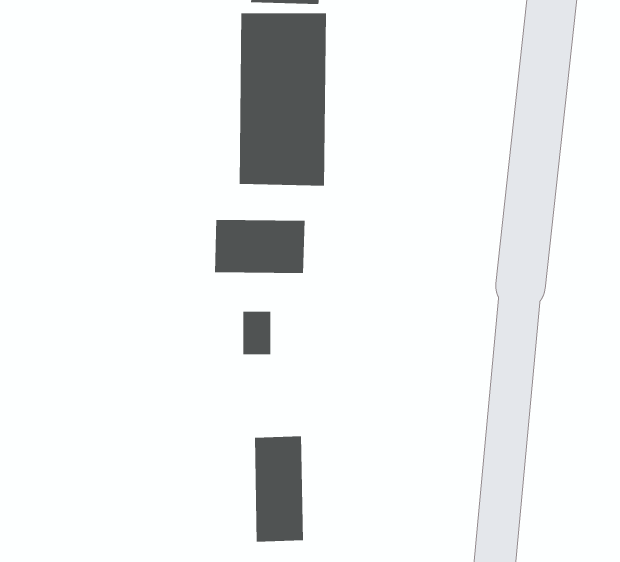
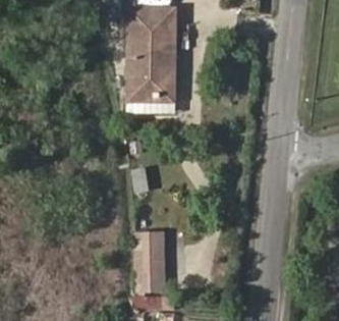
building: [214,219,305,274] -> none

